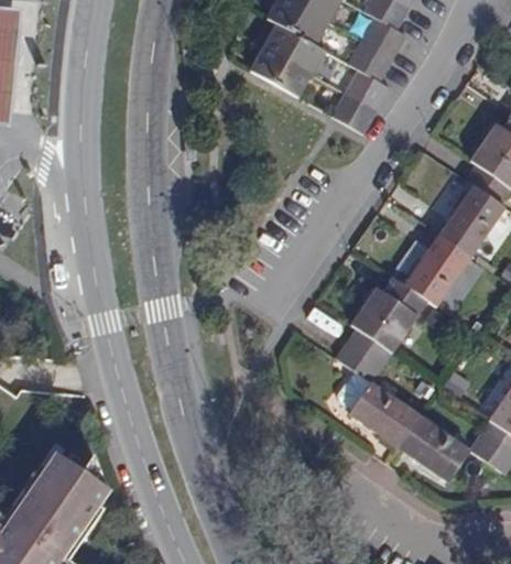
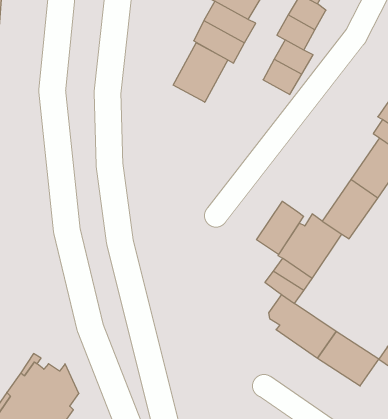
building: none -> [173,43,228,102]
building: none -> [257,201,304,254]

